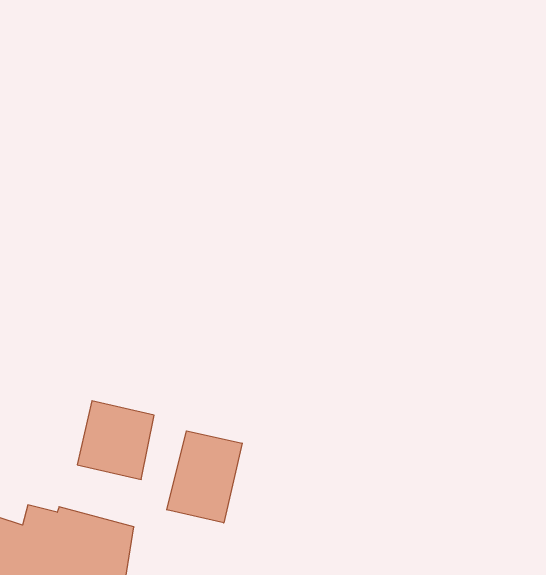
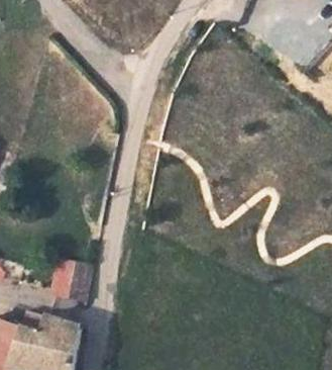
building: [167,431,242,523] -> none

